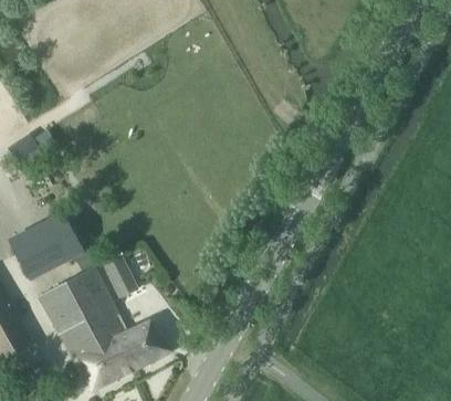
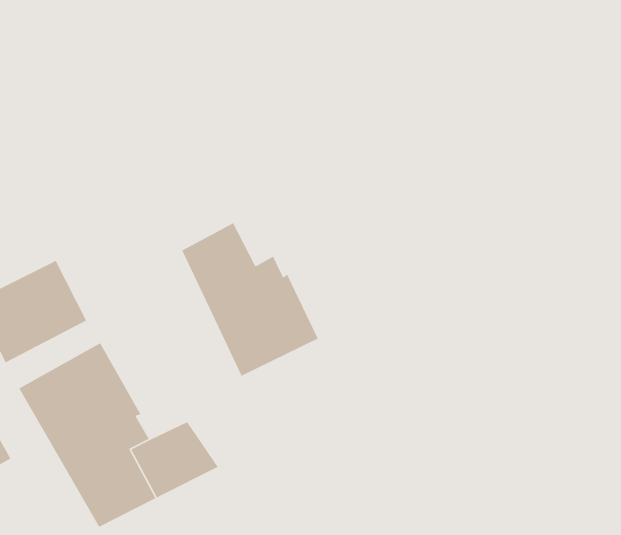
building: none -> [181,222,319,377]
building: [105,255,139,296] -> none

